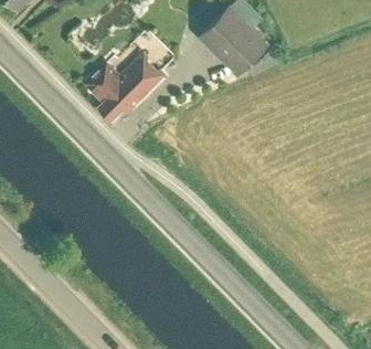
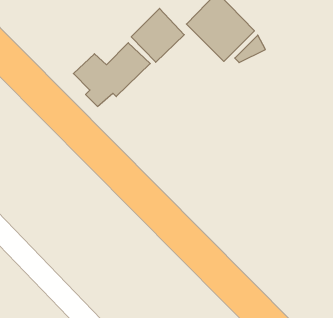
building: none -> [131,8,184,62]

